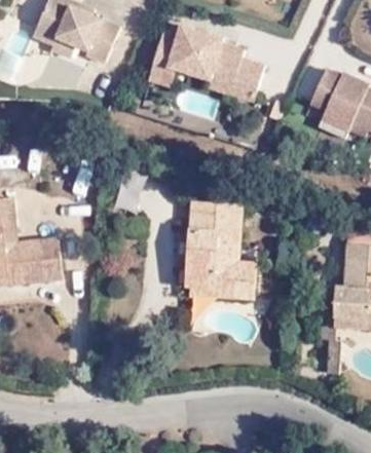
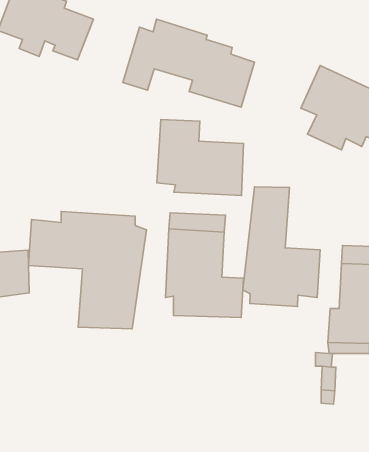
building: none -> [157,119,243,195]
building: none -> [243,187,320,307]
building: none -> [28,211,146,329]

